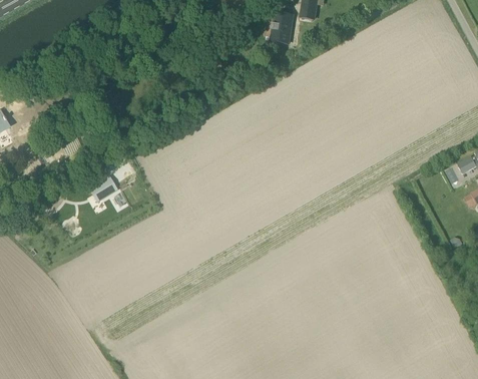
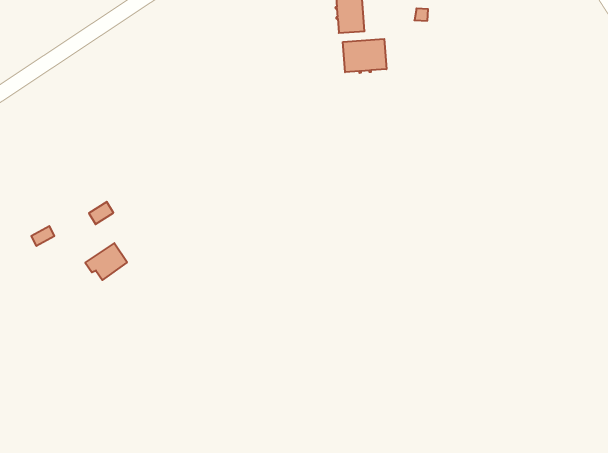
building: none -> [343,39,386,73]

